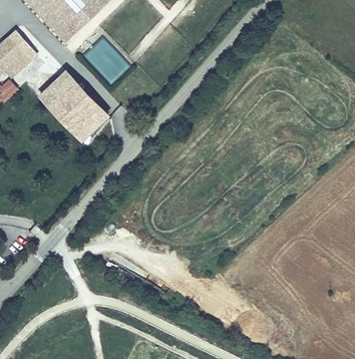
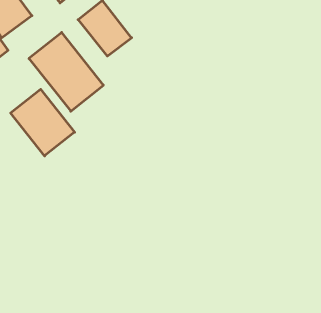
building: none -> [11,89,75,156]

